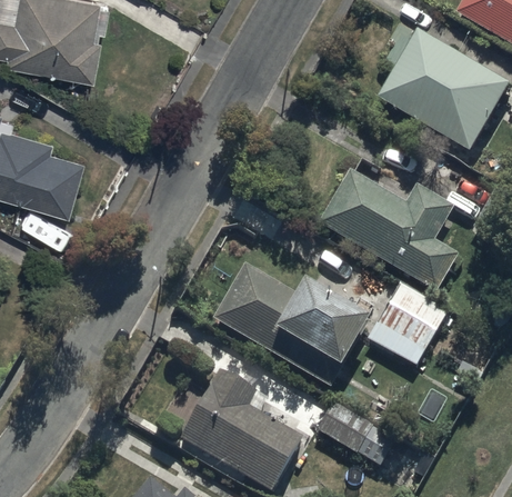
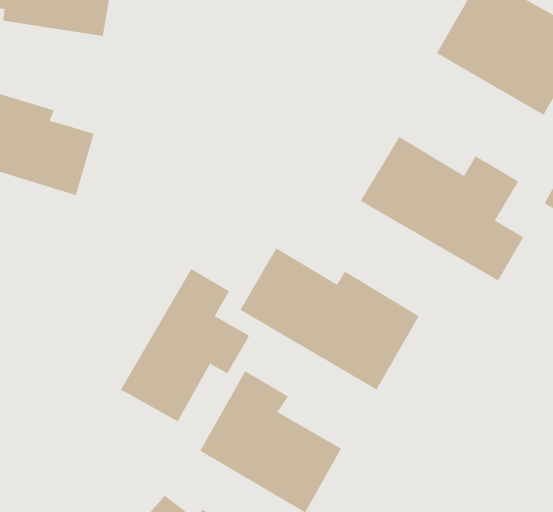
building: none -> [120,268,250,422]
building: [365,281,445,364] -> none
building: [314,400,391,463] -> none

